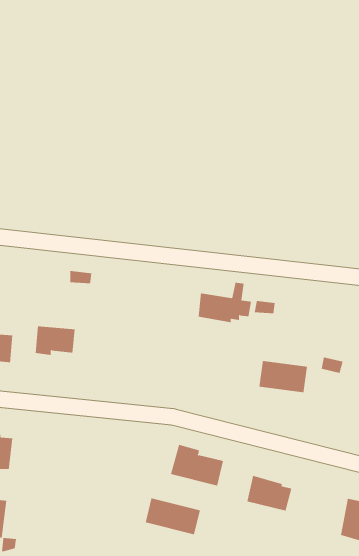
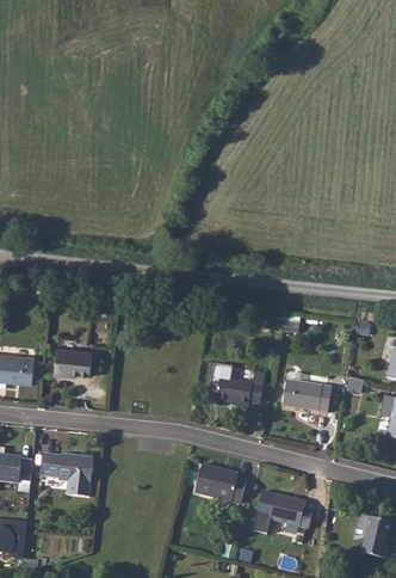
building: [198,282,252,323] -> [214,367,267,407]
building: none -> [43,451,94,493]
building: [145,498,200,535] -> none

